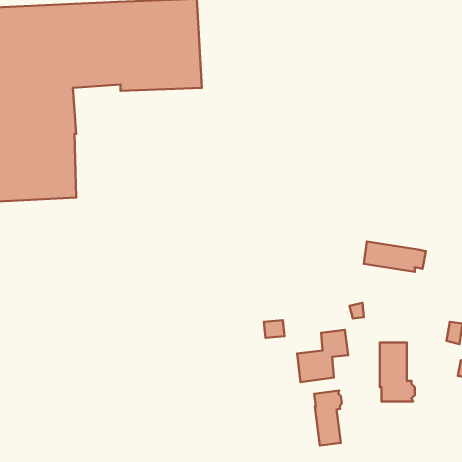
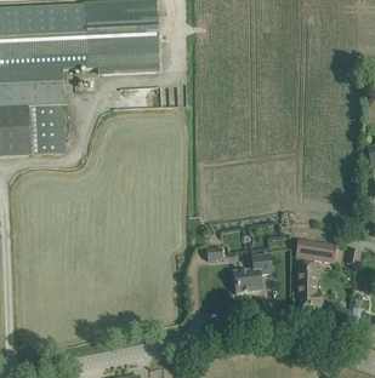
building: [364,242,426,272] -> [295,239,342,262]
building: [314,391,342,446] -> none

